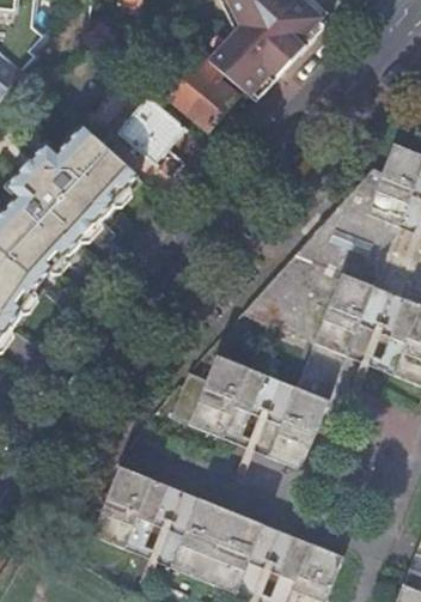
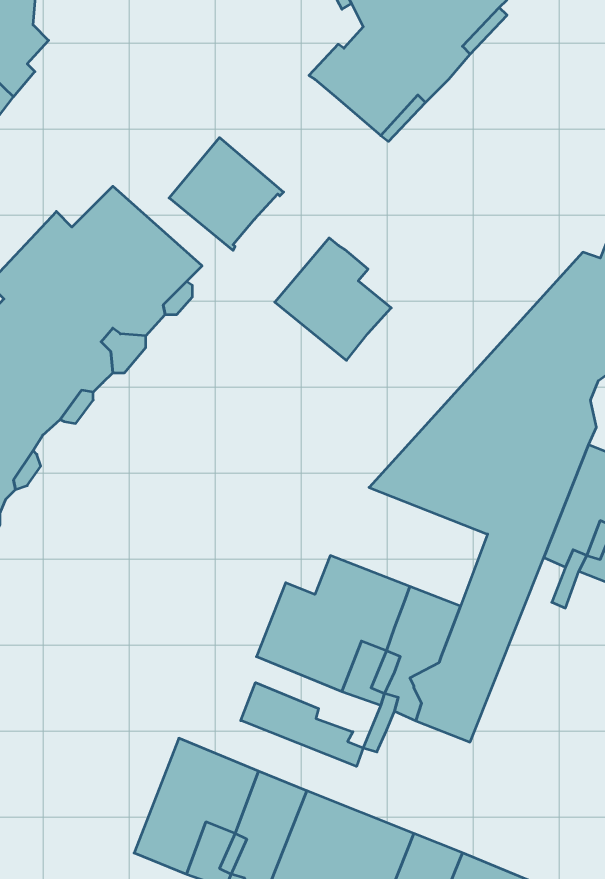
building: [163,54,234,129] -> [275,238,391,360]
building: none -> [241,683,363,766]

